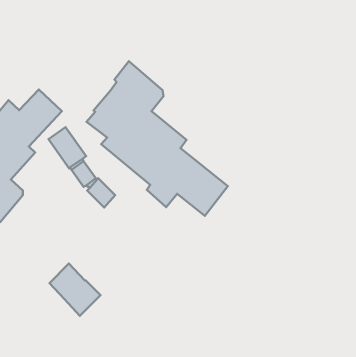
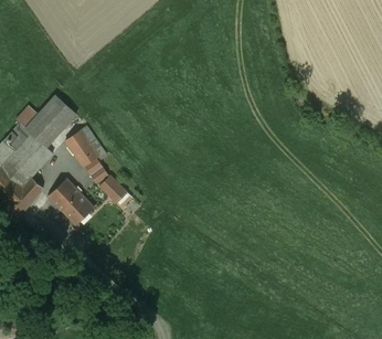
building: [87,61,228,216] -> none
building: [49,264,100,316] -> [49,178,95,225]

